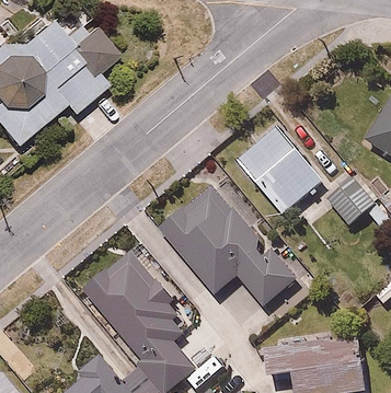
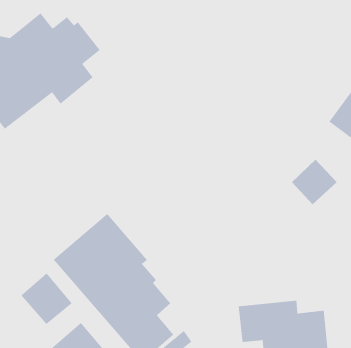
building: [234,122,326,215] -> none
building: [164,185,300,311] -> none
building: none -> [21,273,73,325]

